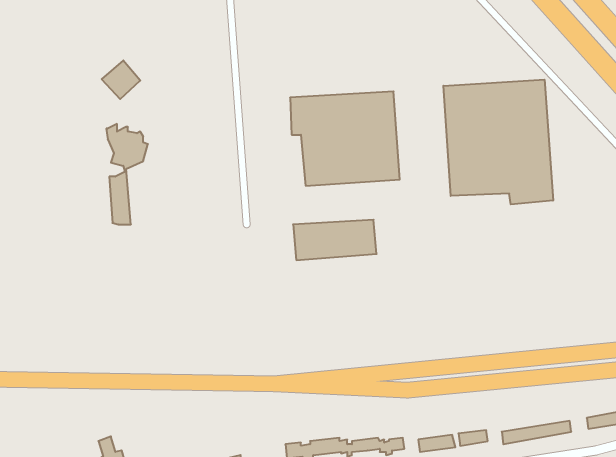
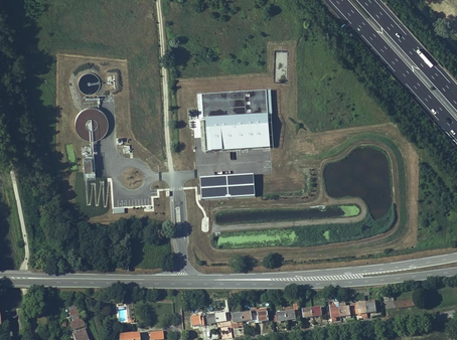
building: [443,80,553,204] -> none

